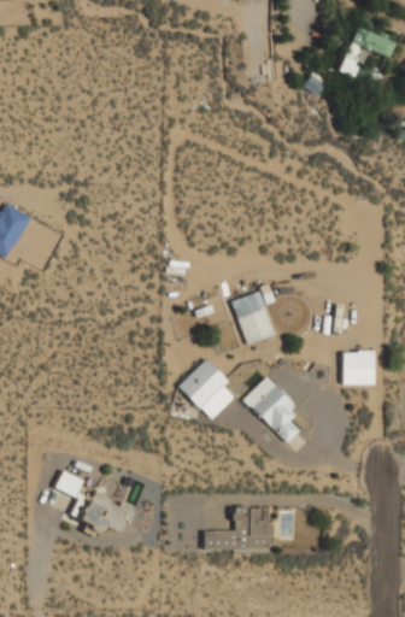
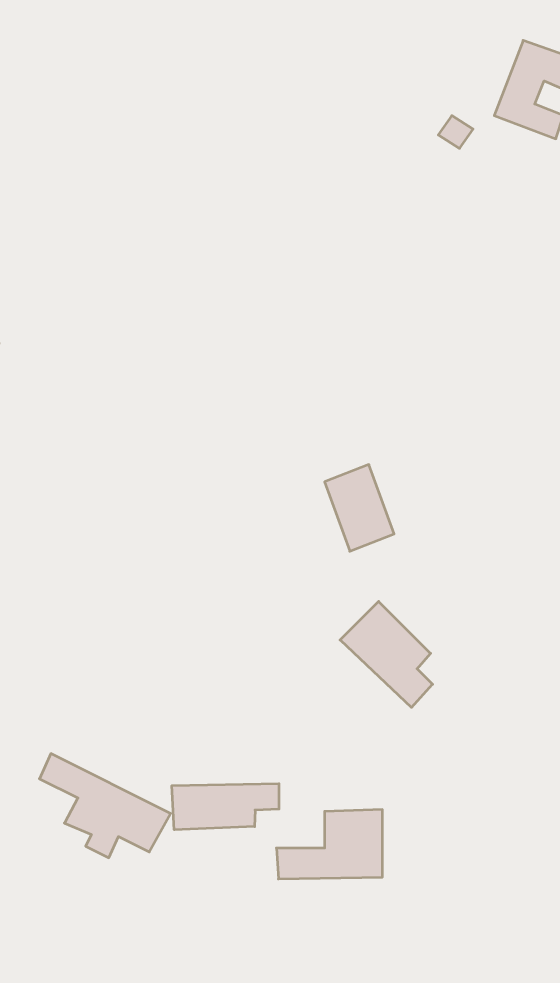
building: [342,351,372,383] -> none
building: [178,358,235,419] -> none
building: none -> [172,784,279,830]

